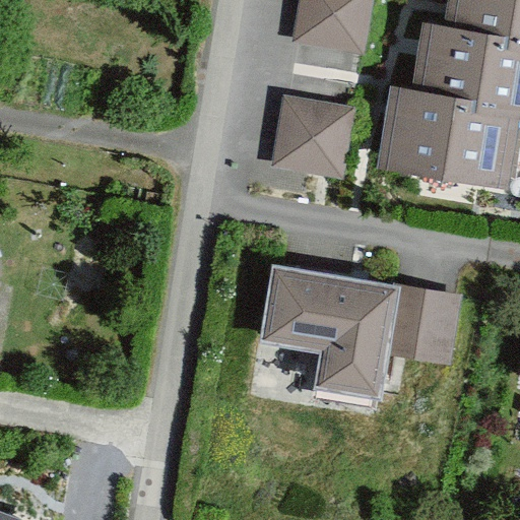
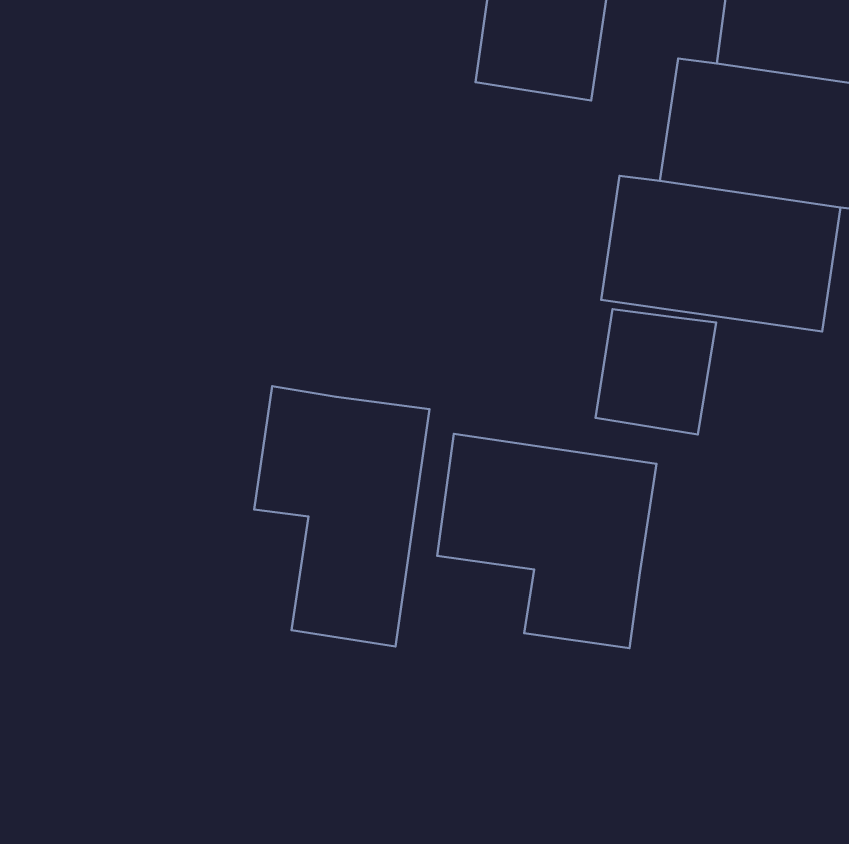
building: [269,100,354,183] -> none
building: none -> [254,386,429,646]
building: [392,281,465,358] -> [596,309,716,435]

